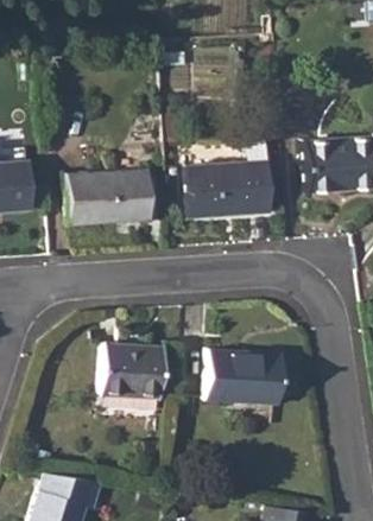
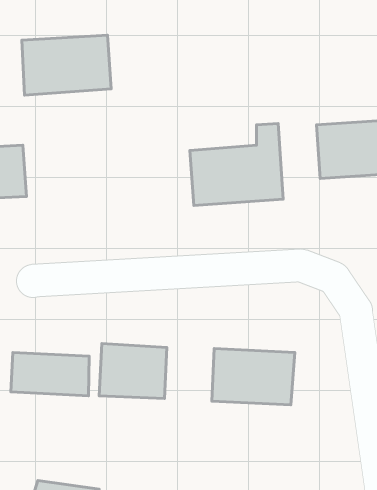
building: [68,169,151,224] -> [22,35,111,95]
building: none -> [11,352,89,396]

